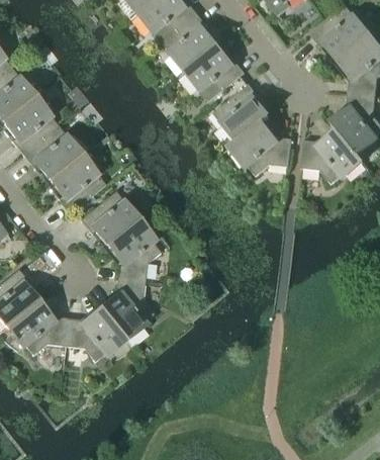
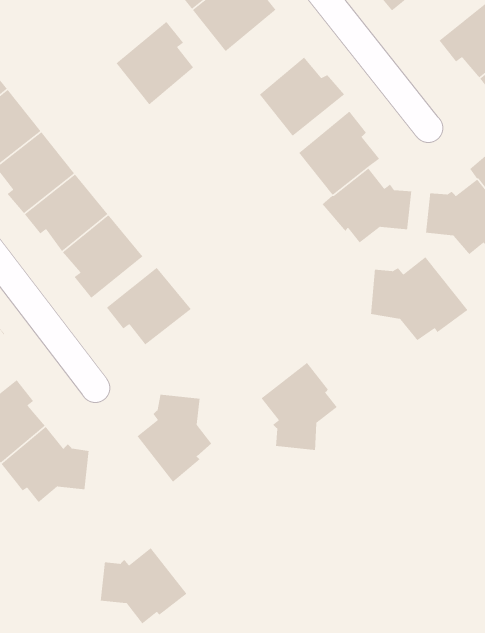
building: [163,12,217,71] -> [116,21,194,105]
building: none -> [370,256,469,341]
building: [107,219,161,281] -> [260,362,338,451]
building: [66,307,126,361] -> [100,547,187,624]

